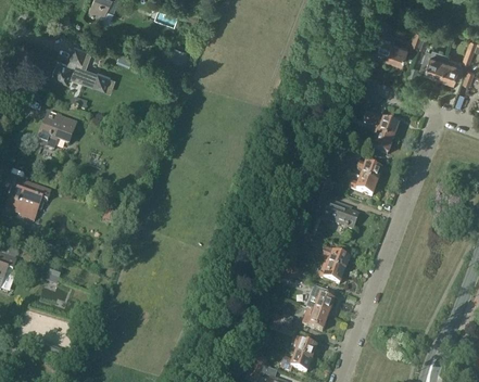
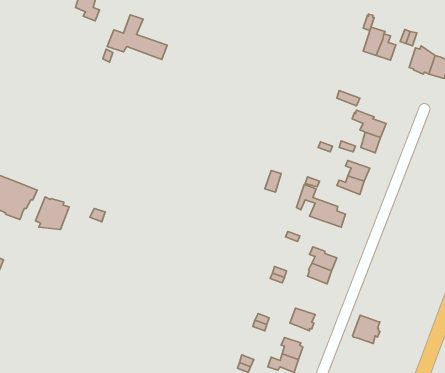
building: [52,44,112,89] -> [107,15,167,59]
building: [38,117,77,148] -> none
building: none -> [35,197,69,229]
building: [307,285,335,314] -> [352,315,380,344]

